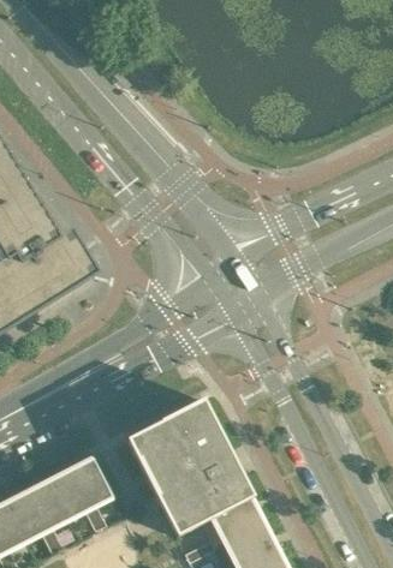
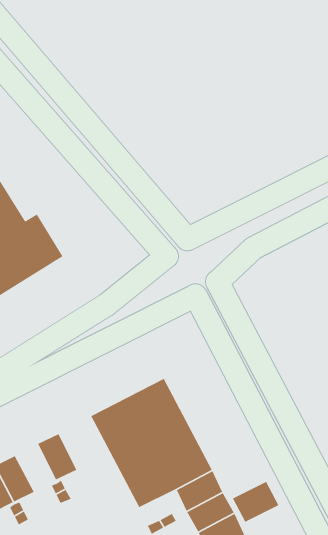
building: [44,467,87,518] -> none
building: none -> [232,481,280,523]

